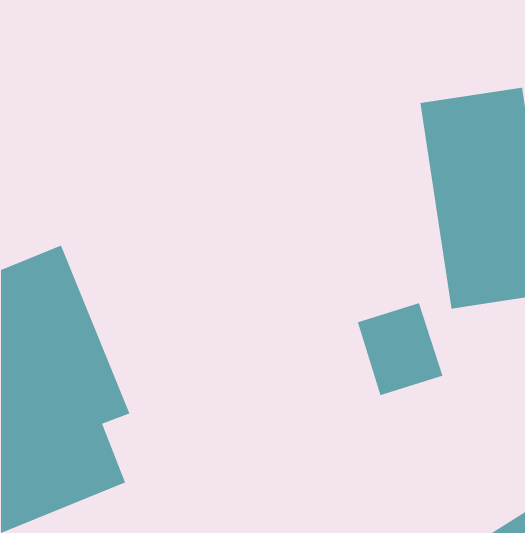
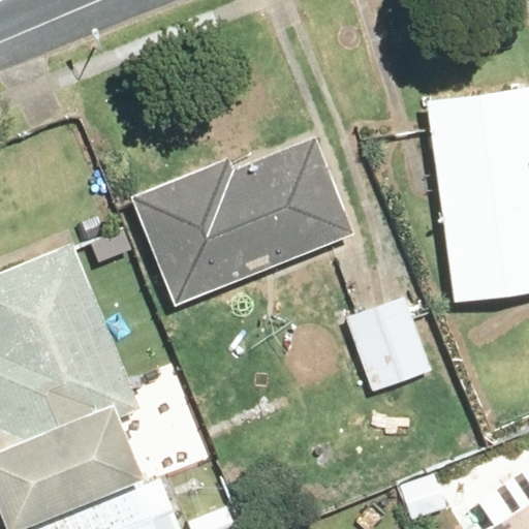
building: none -> [130,137,351,307]

